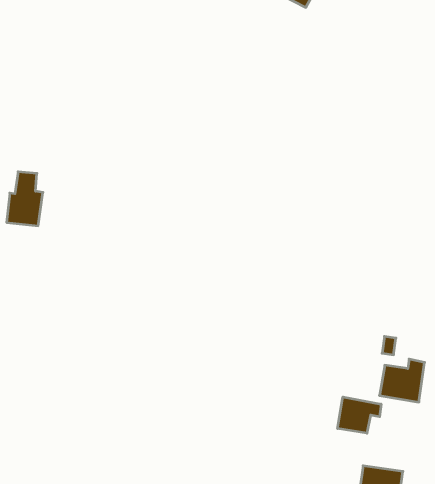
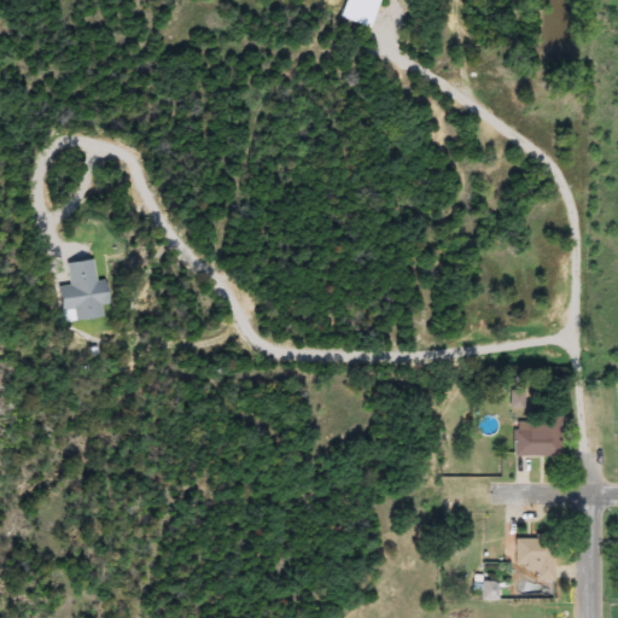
building: [338,397,381,433] -> none

